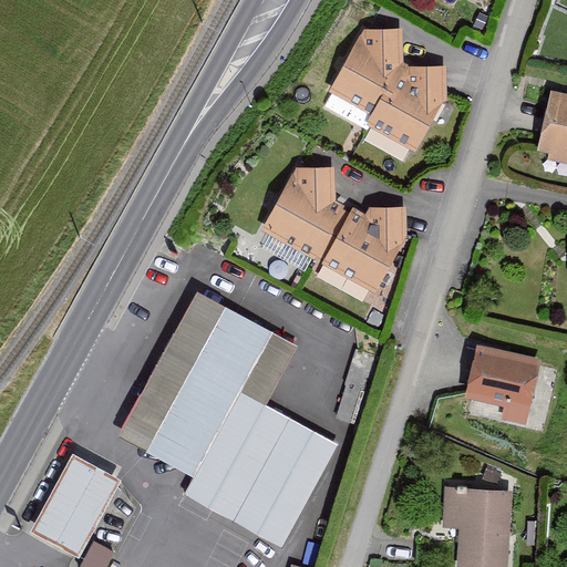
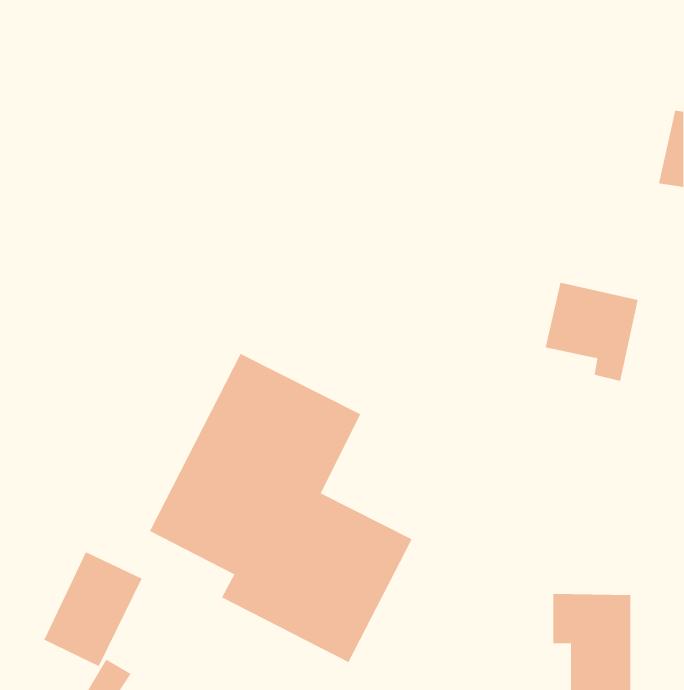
building: [329,30,444,159] -> none
building: [265,168,406,292] -> none
building: [456,347,533,427] -> [545,282,639,381]

